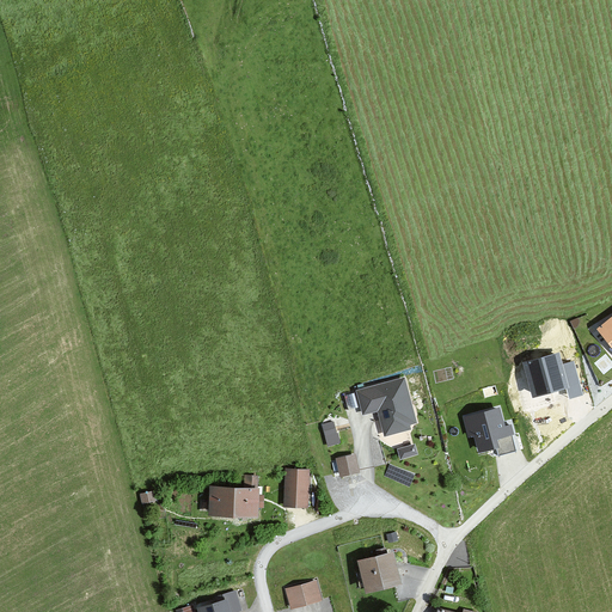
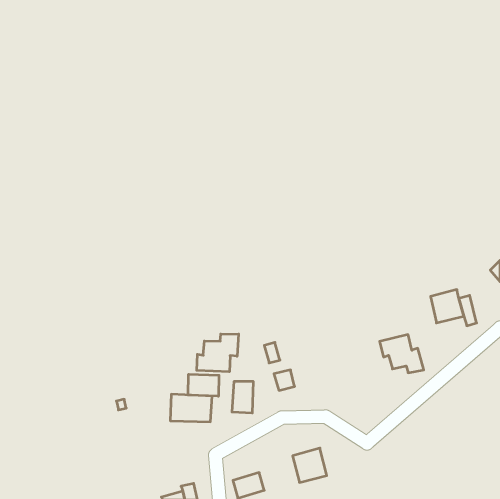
building: [359,380,415,432] -> none
building: none -> [197,334,239,372]
building: none -> [188,374,219,396]

